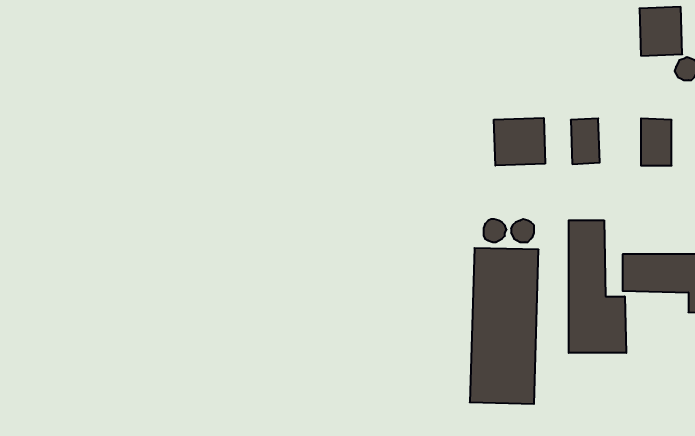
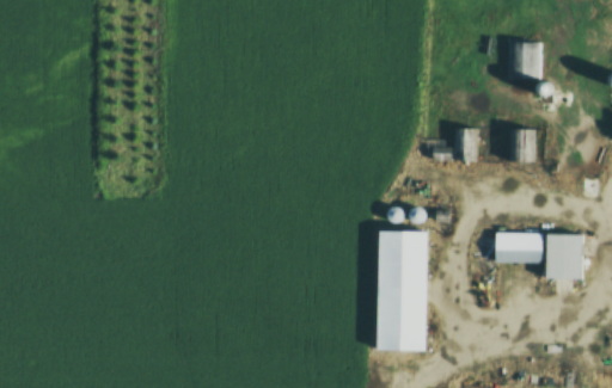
building: [494,118,545,166] -> none
building: [569,220,626,353] -> none

